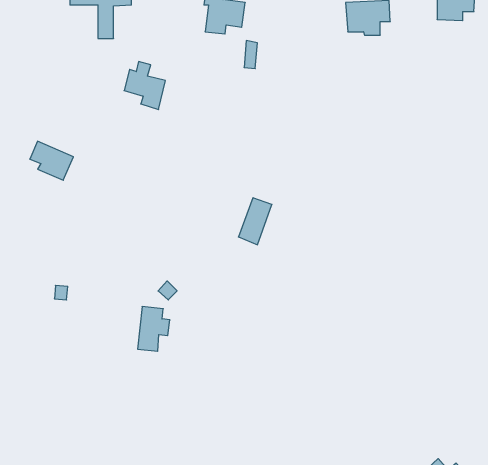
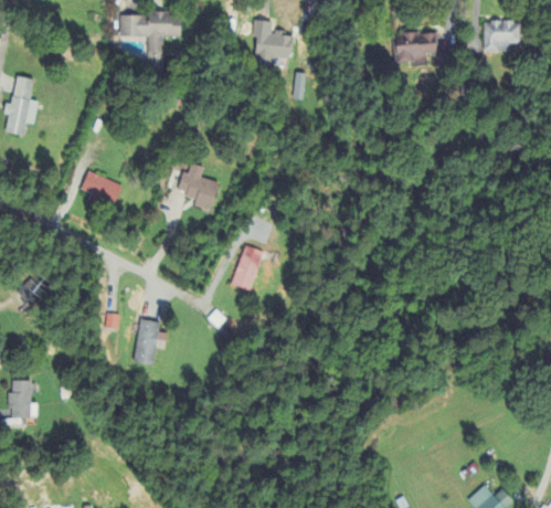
building: [124,62,165,110] -> [178,162,219,210]
building: [238,198,272,245] -> [231,244,264,290]
building: [138,307,170,351] -> [135,319,167,363]

